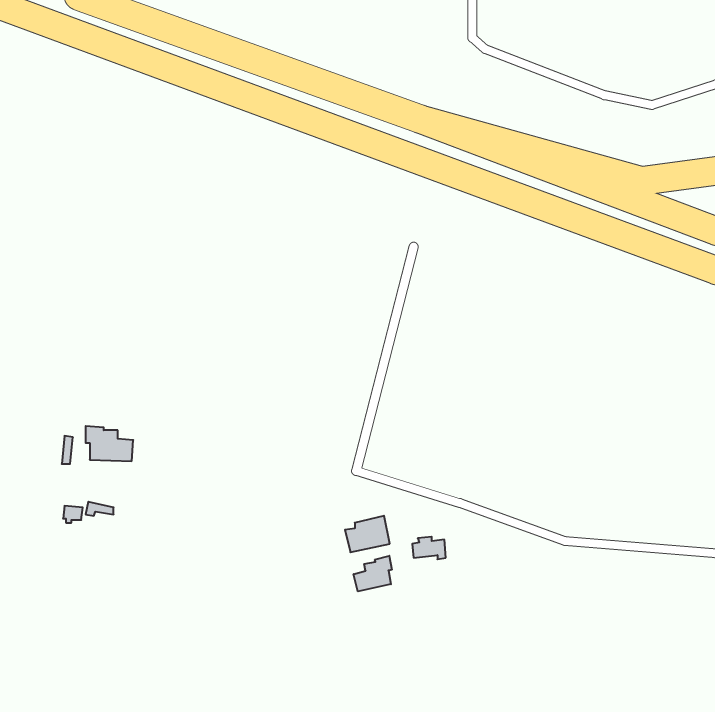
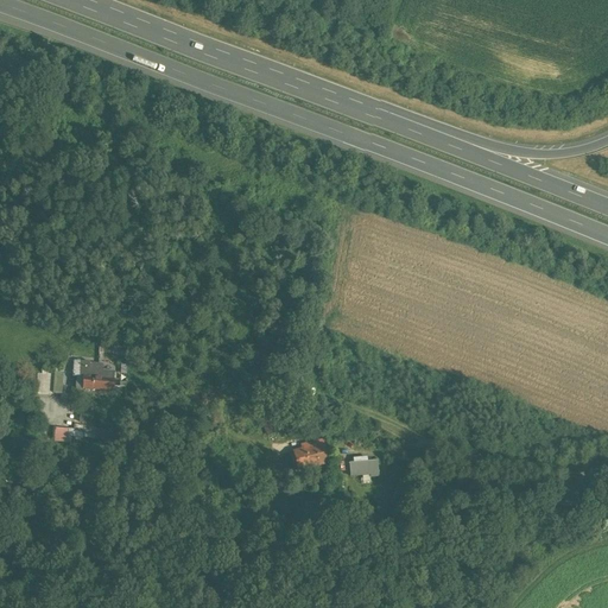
building: [354,556,392,591] -> none

